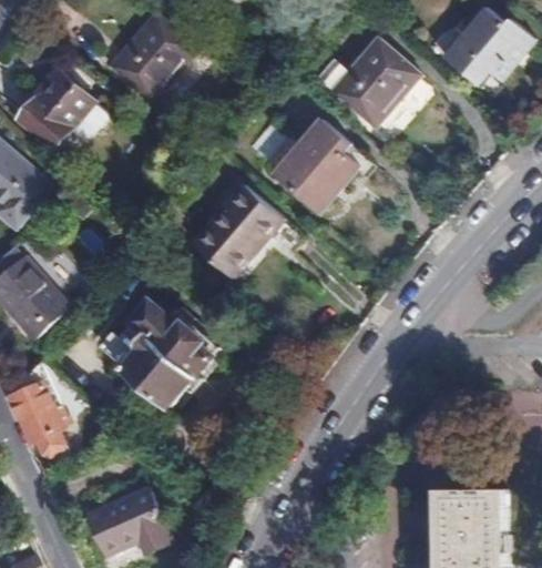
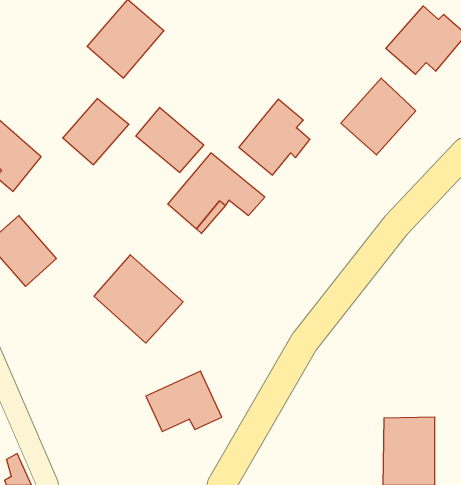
building: [331,38,418,126] -> [341,78,416,155]
building: [16,73,92,150] -> [63,98,129,165]
building: none -> [136,107,204,173]
building: [8,351,68,454] -> none
building: [85,487,173,557] -> [146,371,222,432]

